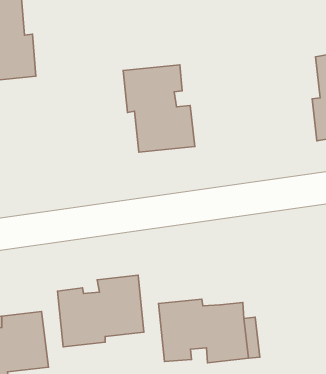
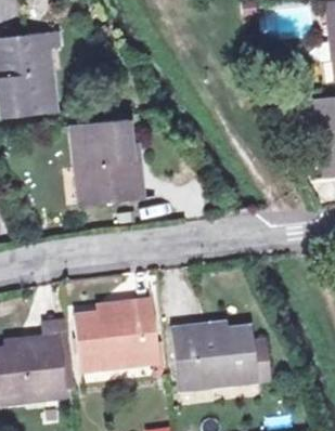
building: [123,65,195,152] -> [75,121,143,205]

